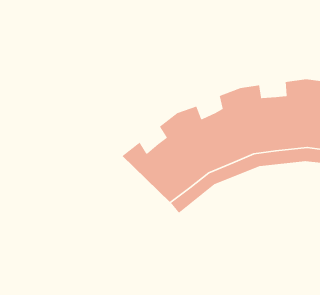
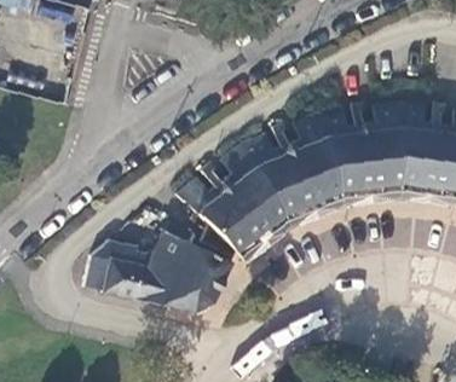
building: none -> [80,231,227,312]

